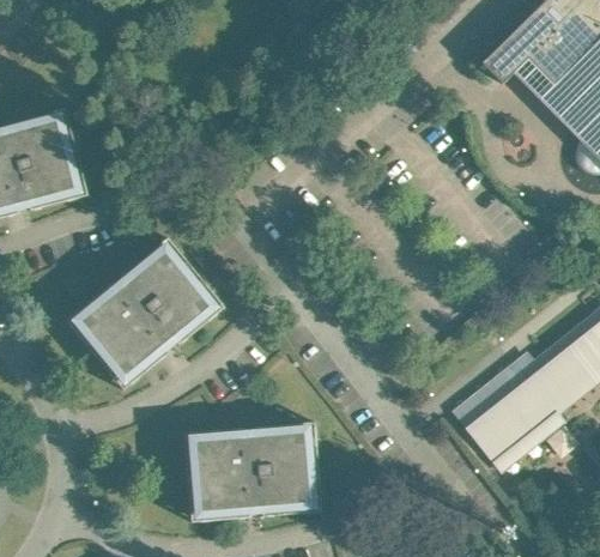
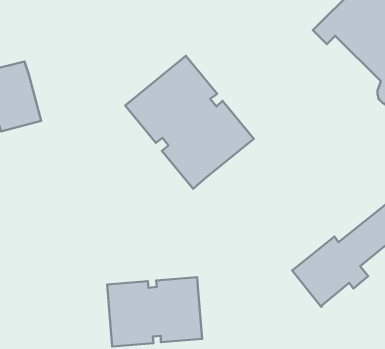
building: none -> [125,56,254,189]
building: [66,236,225,389] -> none

